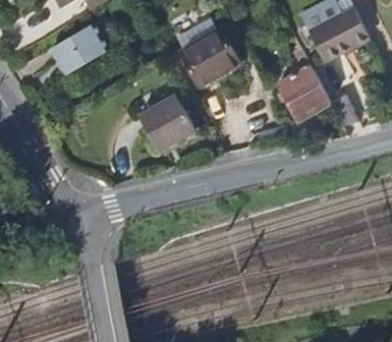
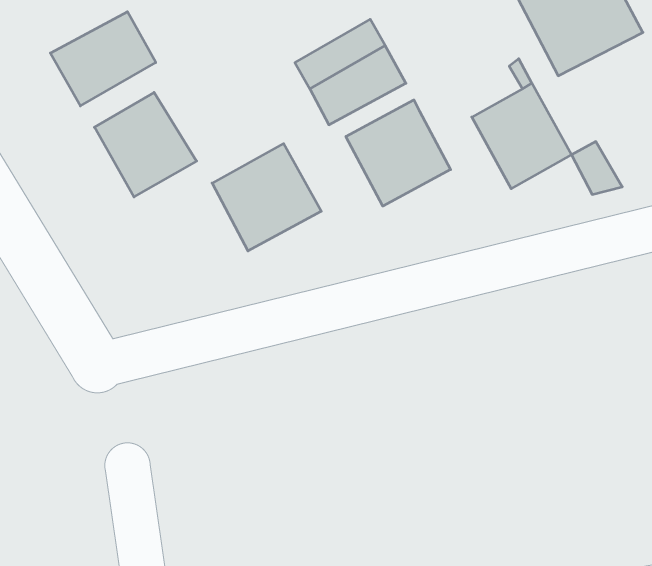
building: none -> [94,92,197,197]
building: none -> [346,100,451,206]

